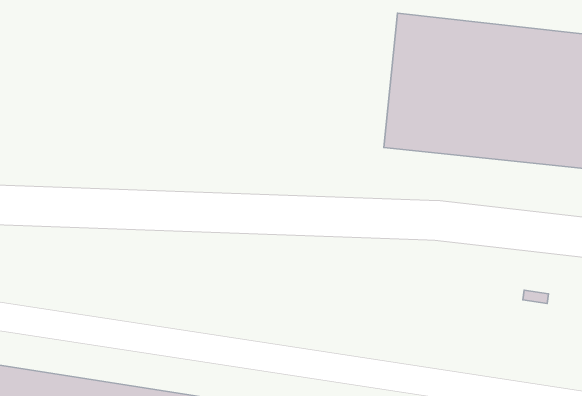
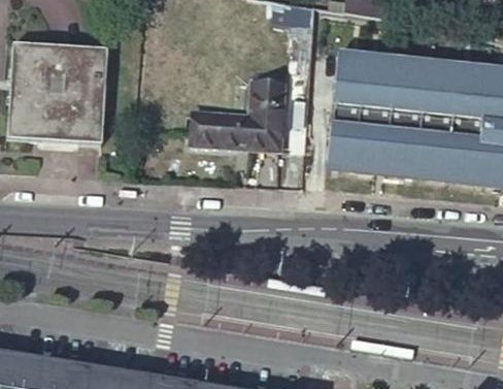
building: none -> [10,54,105,147]
building: none -> [191,66,284,148]

